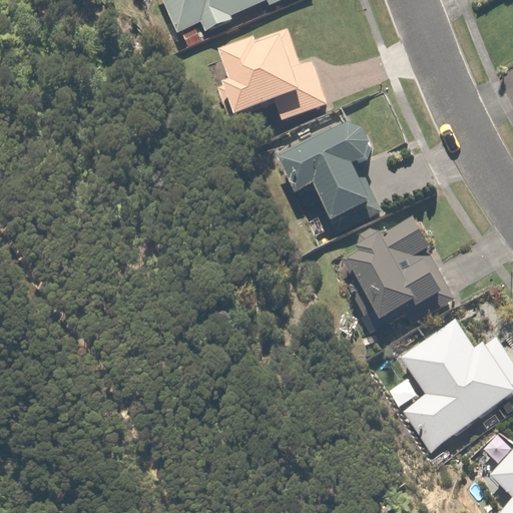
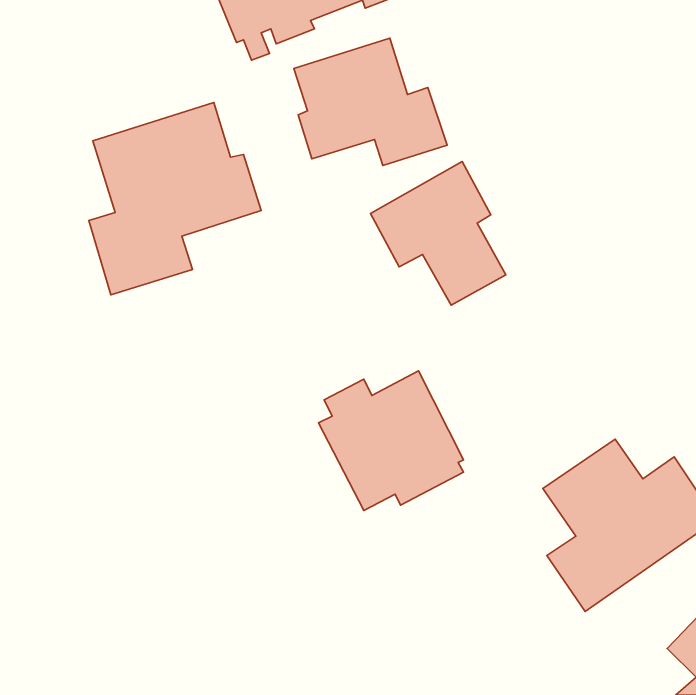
building: none -> [89,103,261,295]
building: [344,221,450,324] -> [319,371,464,511]

